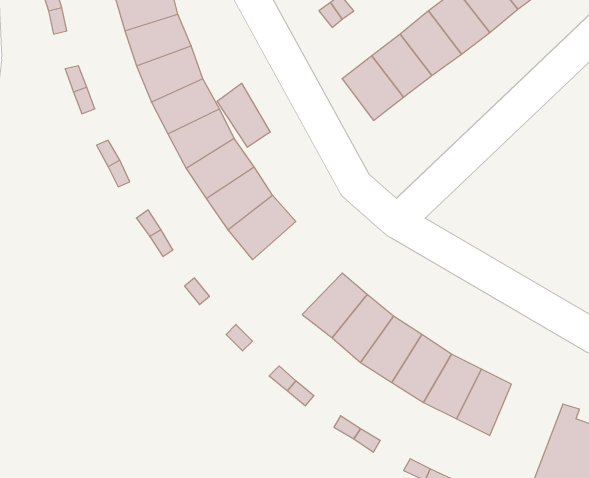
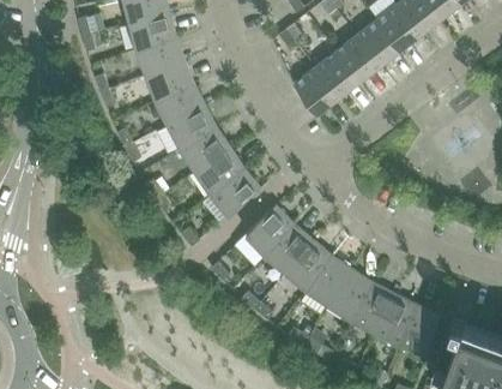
building: [217,83,270,147] -> none
building: none -> [246,207,294,256]
building: none -> [400,306,441,354]

